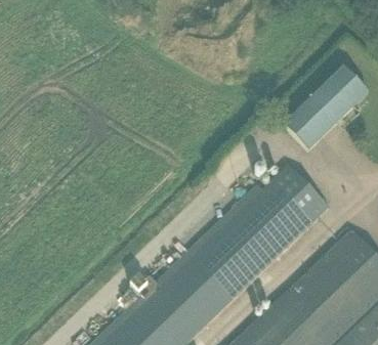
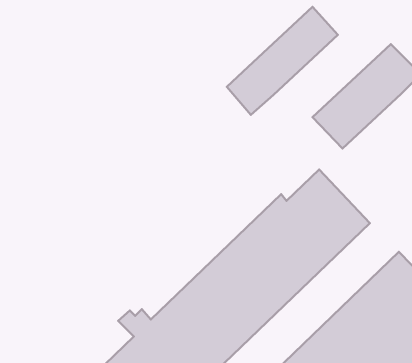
building: none -> [227,7,338,115]

